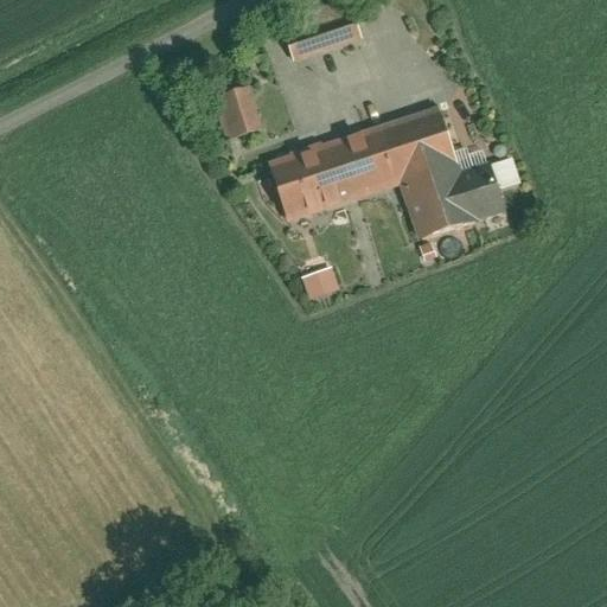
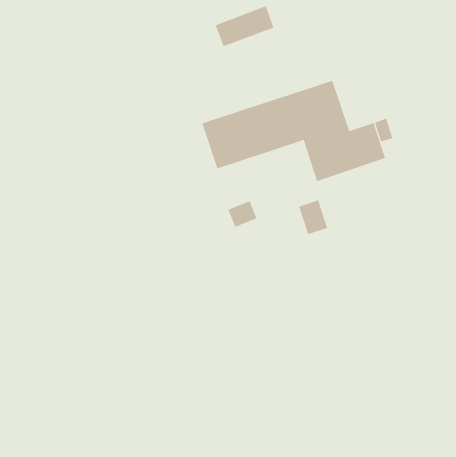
building: [206,83,263,142] -> none
building: none -> [298,200,328,235]

